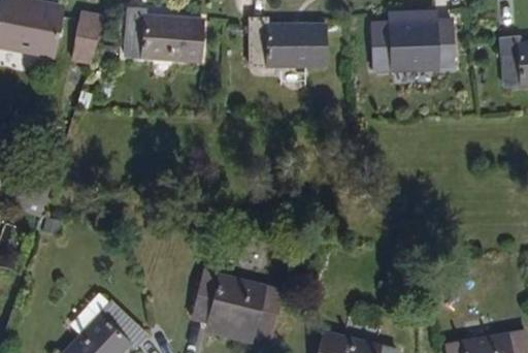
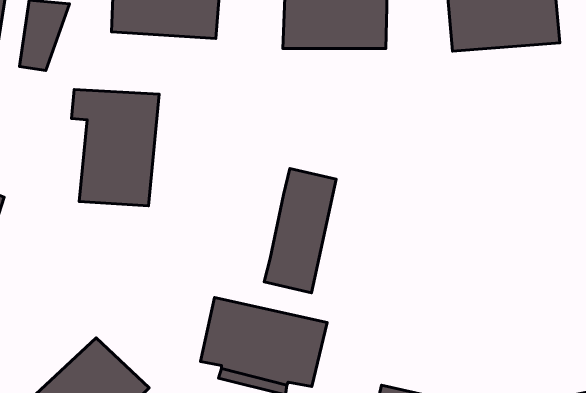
building: none -> [72,90,159,206]
building: none -> [264,169,336,293]

